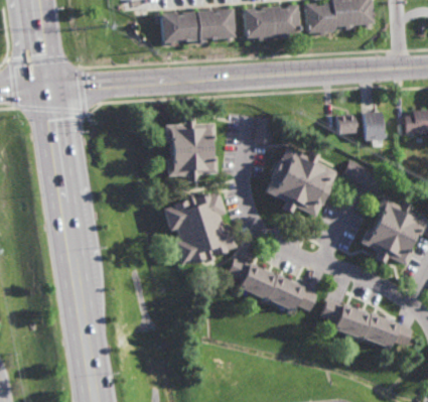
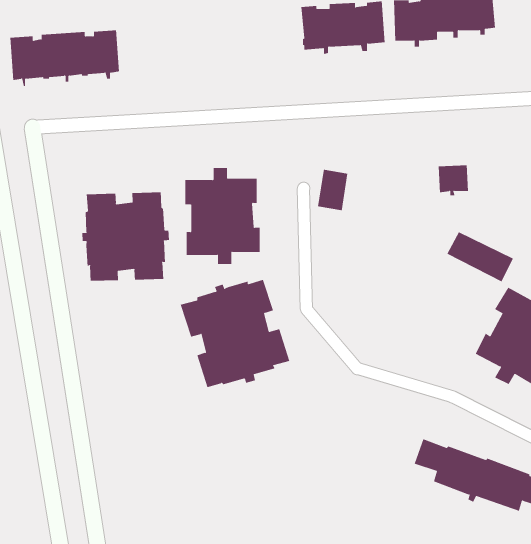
building: [161,7,236,45] -> [10,30,120,87]
building: [363,112,384,139] -> none
building: none -> [82,191,170,281]
building: [266,146,338,217] -> none
building: [227,257,317,314] -> none

